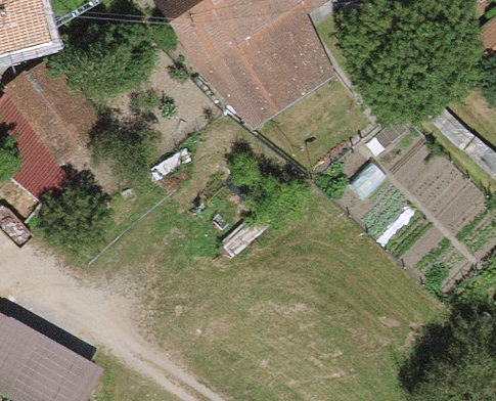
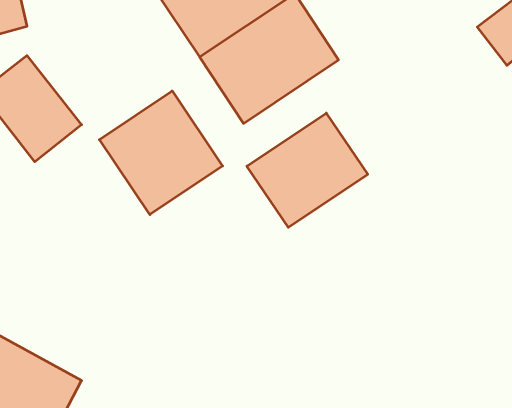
building: none -> [99,91,223,215]
building: none -> [247,113,368,227]

